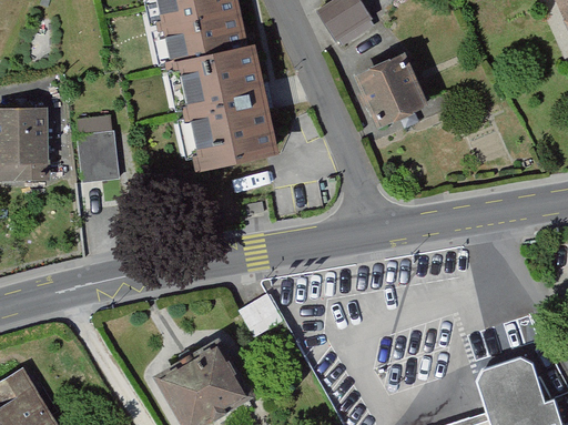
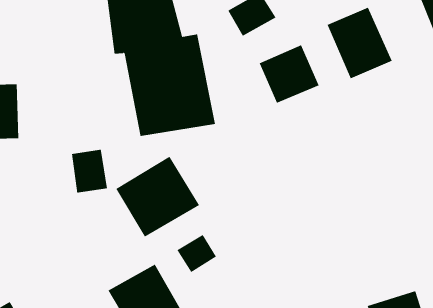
building: none -> [327,7,393,79]
building: [77,128,122,182] -> [71,149,108,193]
building: none -> [116,156,200,238]

